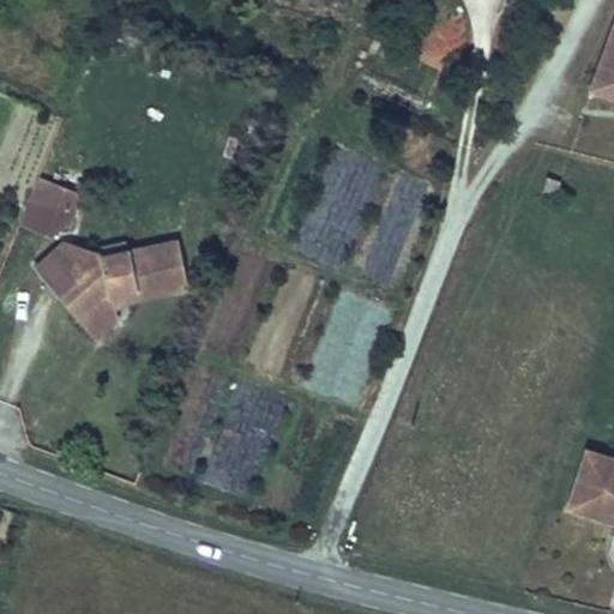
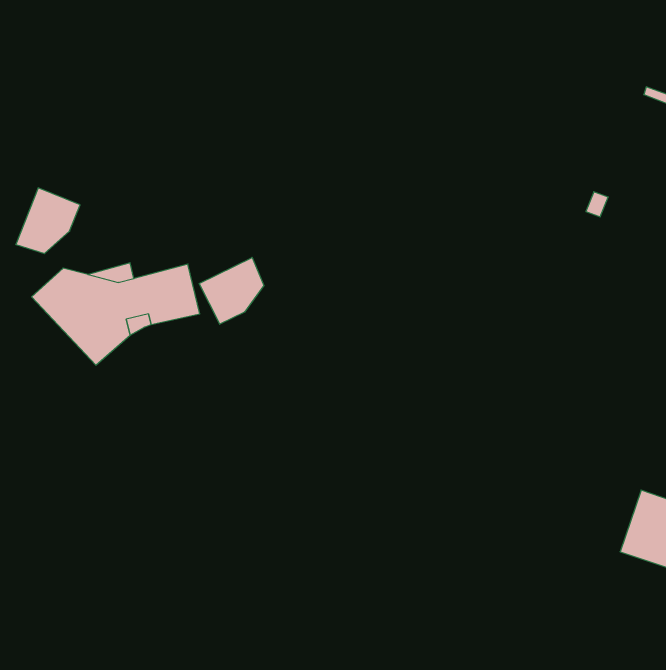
building: none -> [199,257,264,324]

